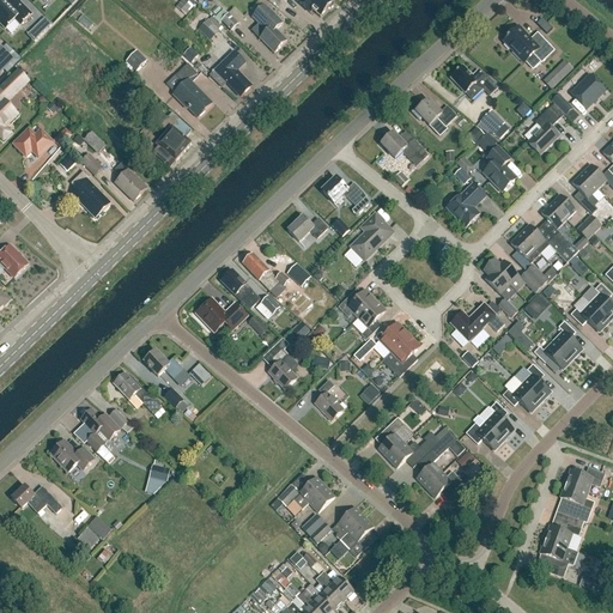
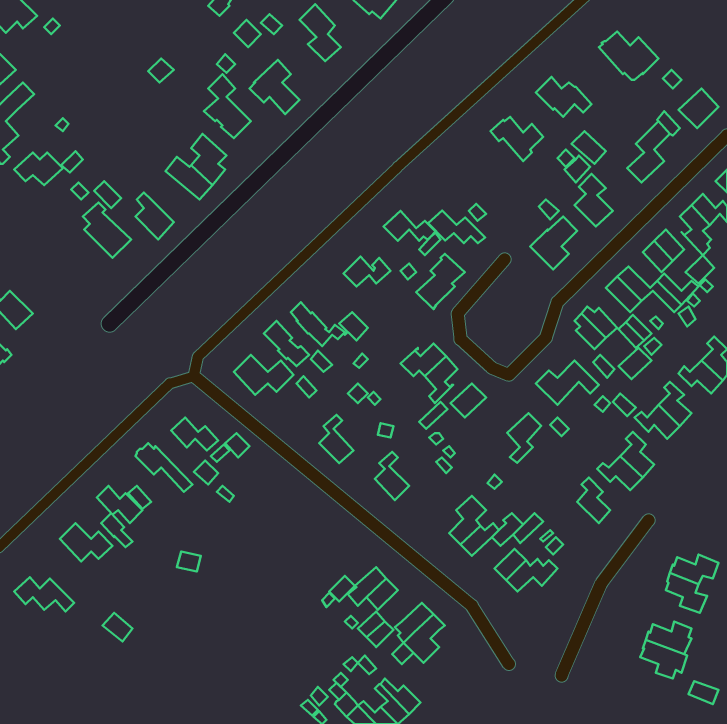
building: [381,132,429,159] -> [428,210,485,243]
building: [390,334,419,376] -> [507,413,541,463]
building: [465,421,503,449] -> none

